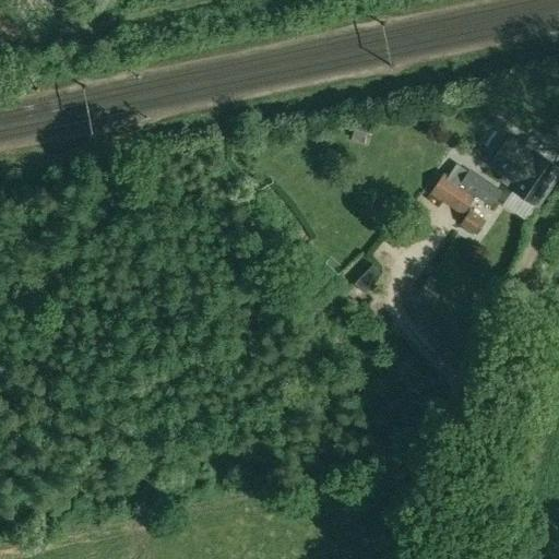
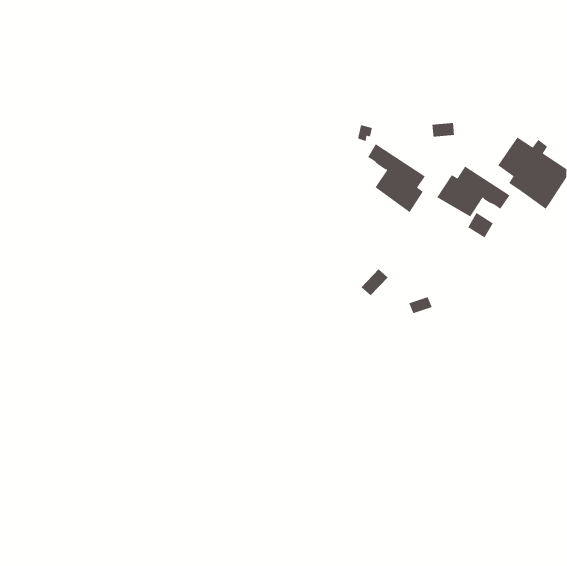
building: none -> [367,143,426,213]

